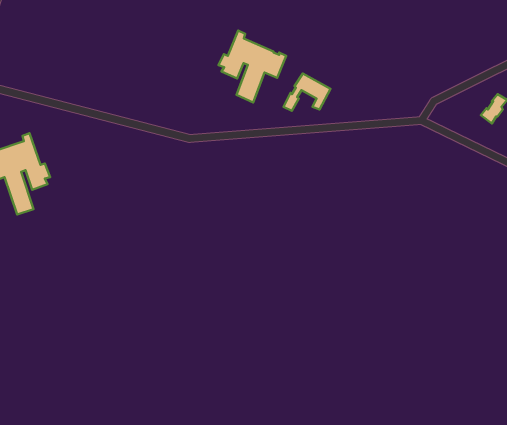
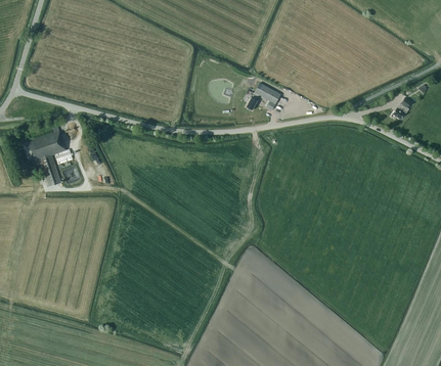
building: [219,30,286,102] -> none

